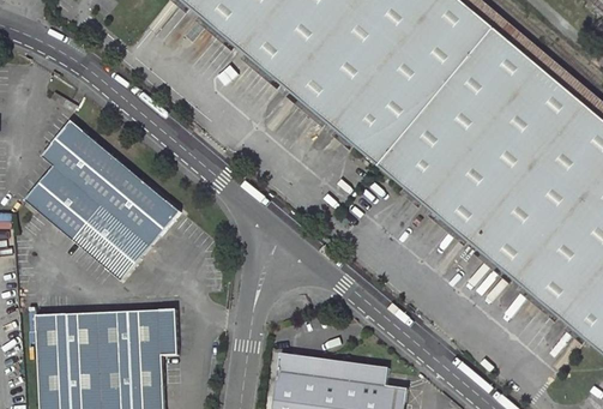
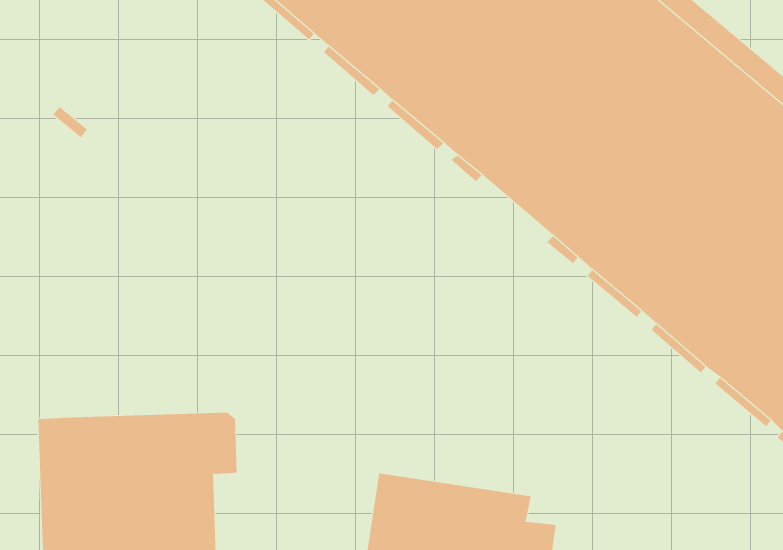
building: [23,120,177,279] -> none

